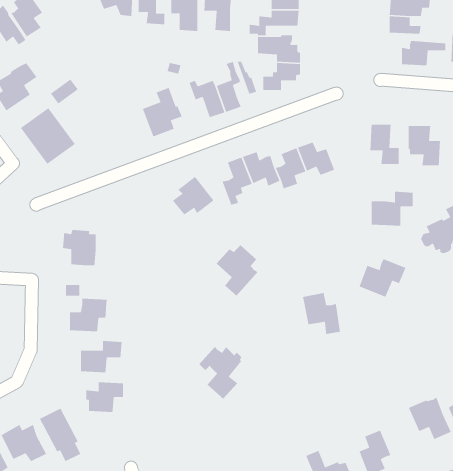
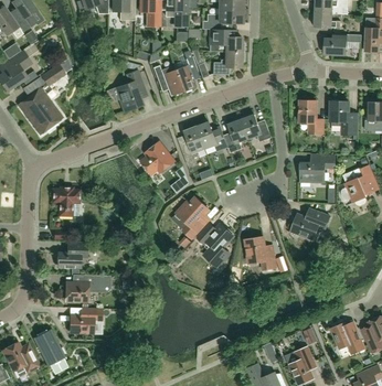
building: [198,346,242,400] -> [198,224,233,267]

